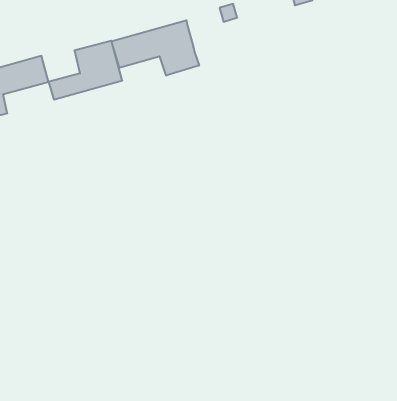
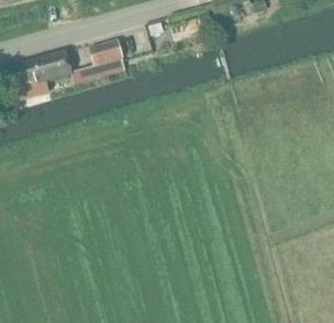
building: [112,20,199,76] -> none

